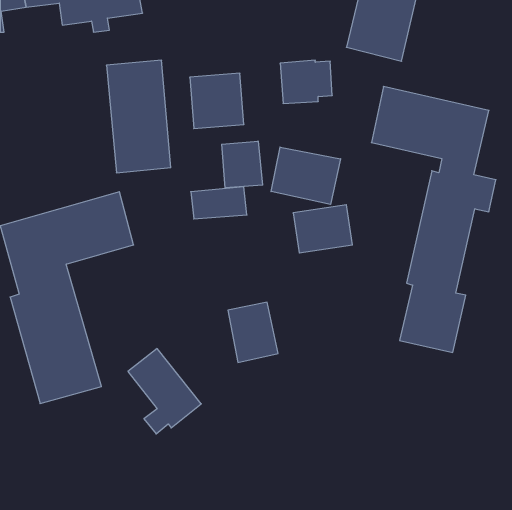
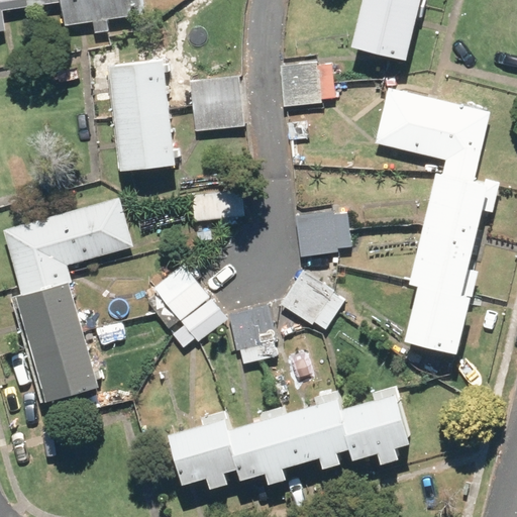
building: [222,141,263,188] -> none
building: [271,147,341,204] -> none
building: none -> [281,267,348,331]
building: [128,349,201,434] -> [156,262,229,347]
building: none -> [167,384,411,491]

